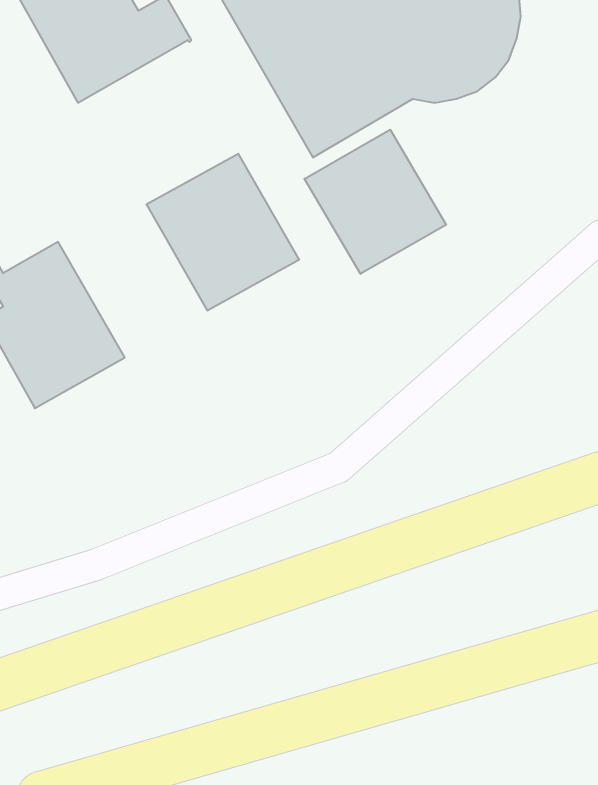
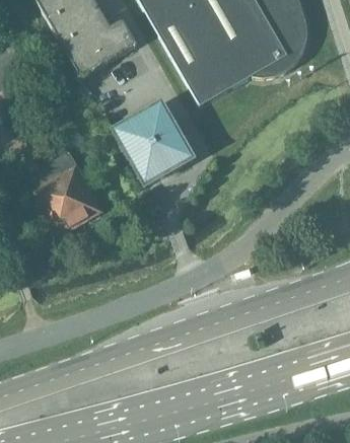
building: [304,130,446,274] -> none

